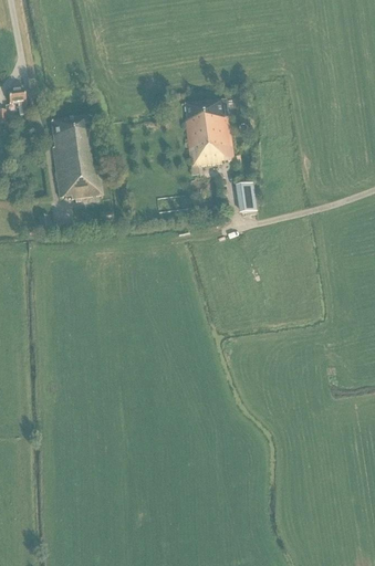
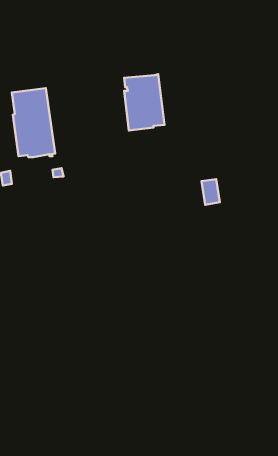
building: [235,182,257,213] -> [202,179,220,205]

